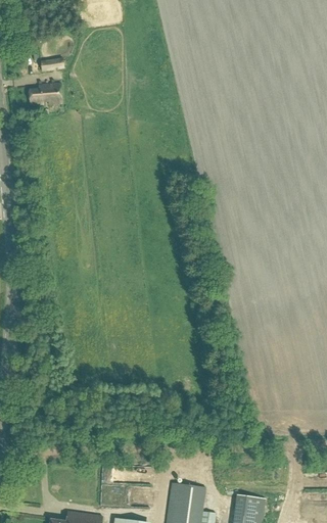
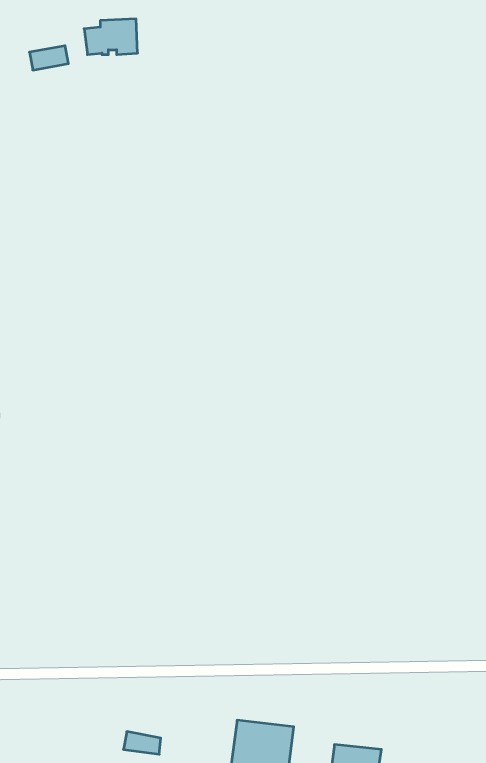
building: [28,84,61,106] -> [84,19,138,55]

